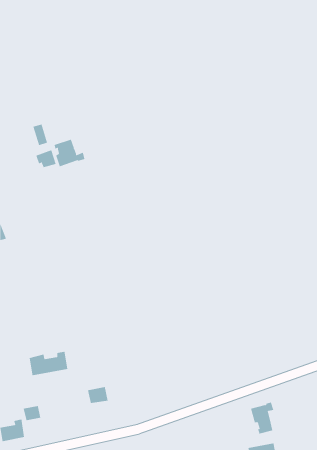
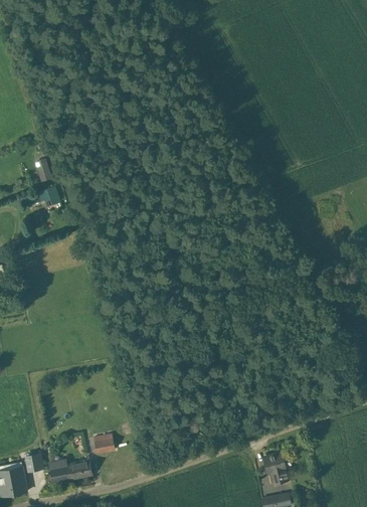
building: [54,139,85,167] -> none
building: [29,351,68,376] -> [48,457,89,483]

